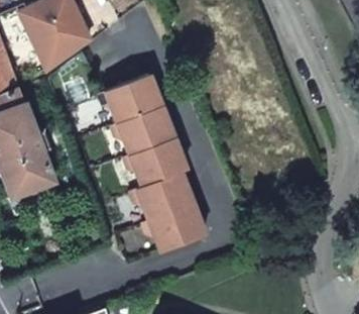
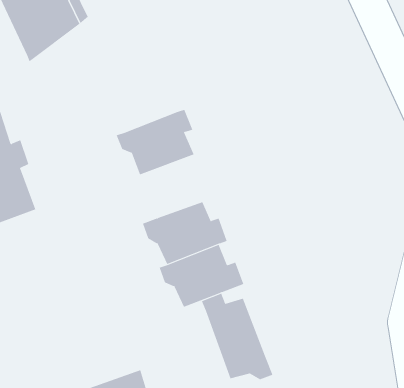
building: [101,75,157,124] -> none
building: [125,138,183,187] -> none
building: none -> [201,293,273,380]

